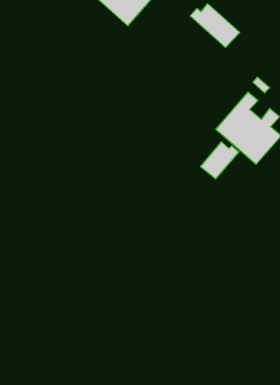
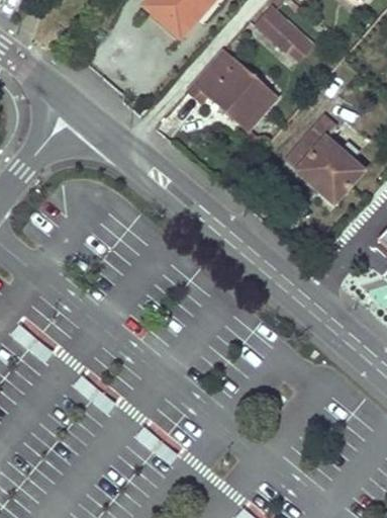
building: none -> [188,50,274,126]
building: [201,142,239,179] -> none

